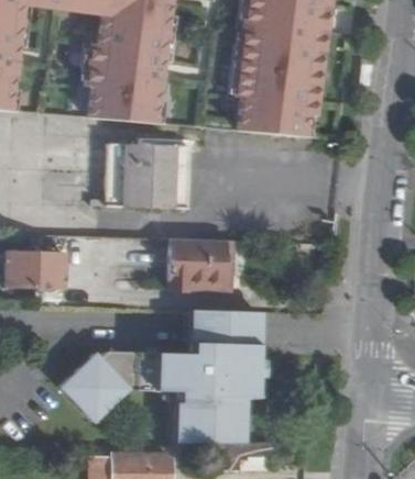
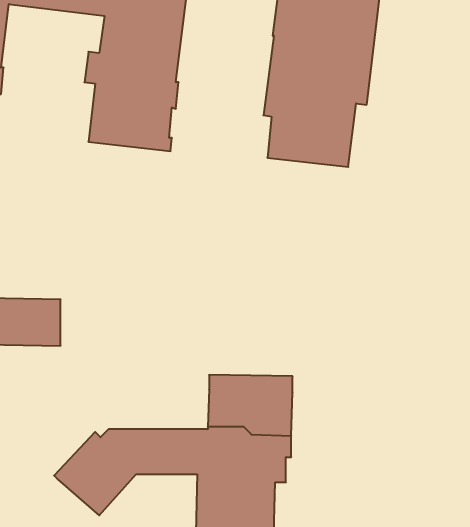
building: [92,138,190,209] -> none
building: [170,239,226,293] -> none

